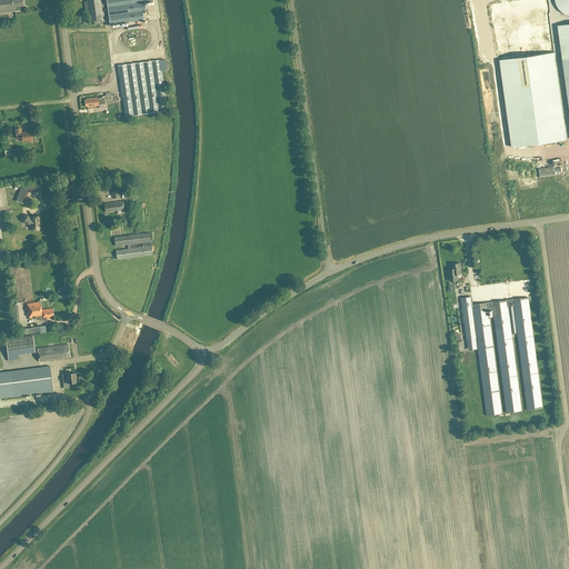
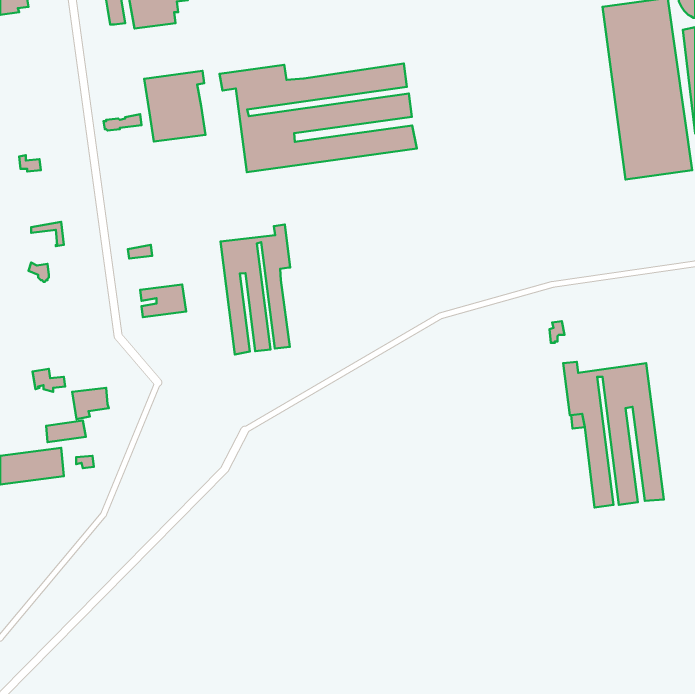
building: none -> [220,64,417,172]
building: none -> [221,224,290,354]
building: [6,335,36,360] -> [72,388,109,419]

